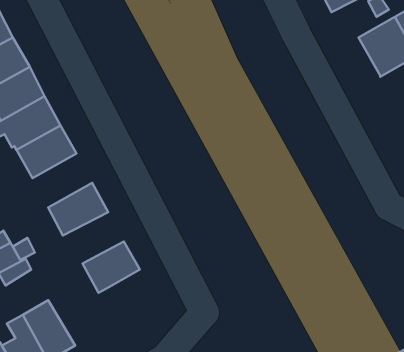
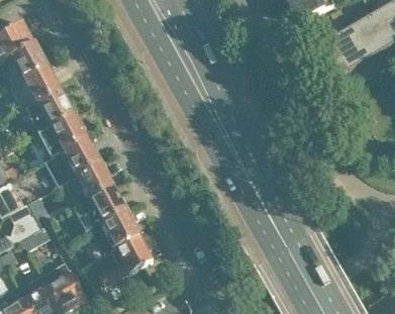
building: none -> [42,135,99,183]
building: none -> [78,184,125,226]
building: none -> [97,231,152,281]

